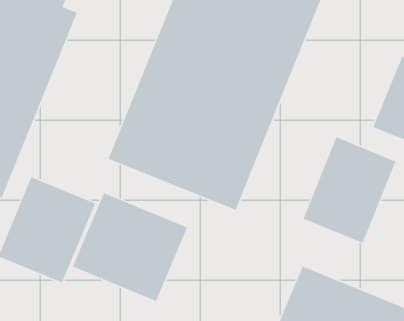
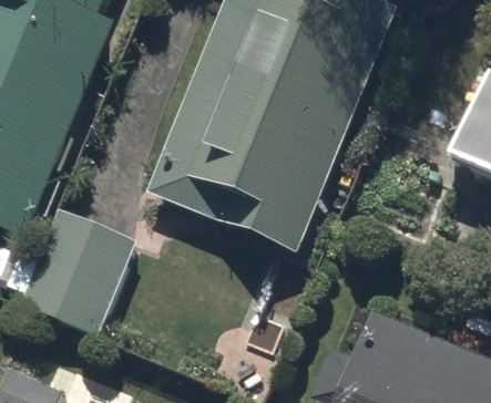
building: [302,136,396,244] -> none
building: [72,192,188,302] -> none

